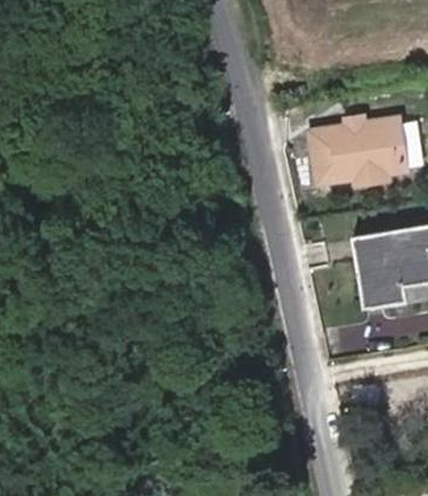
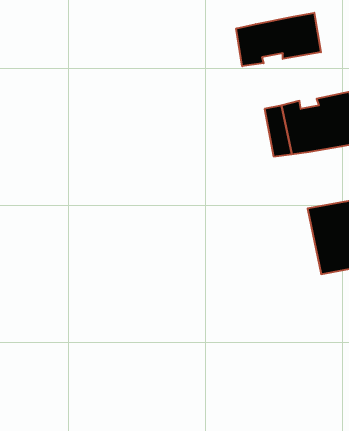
building: none -> [236,13,321,66]

